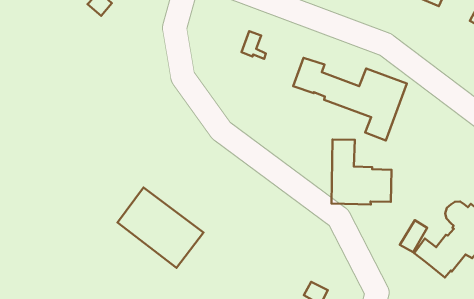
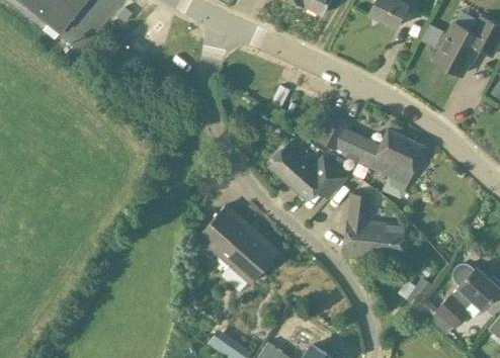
building: none -> [268,143,347,201]
building: [118,187,203,268] -> [197,205,278,284]

